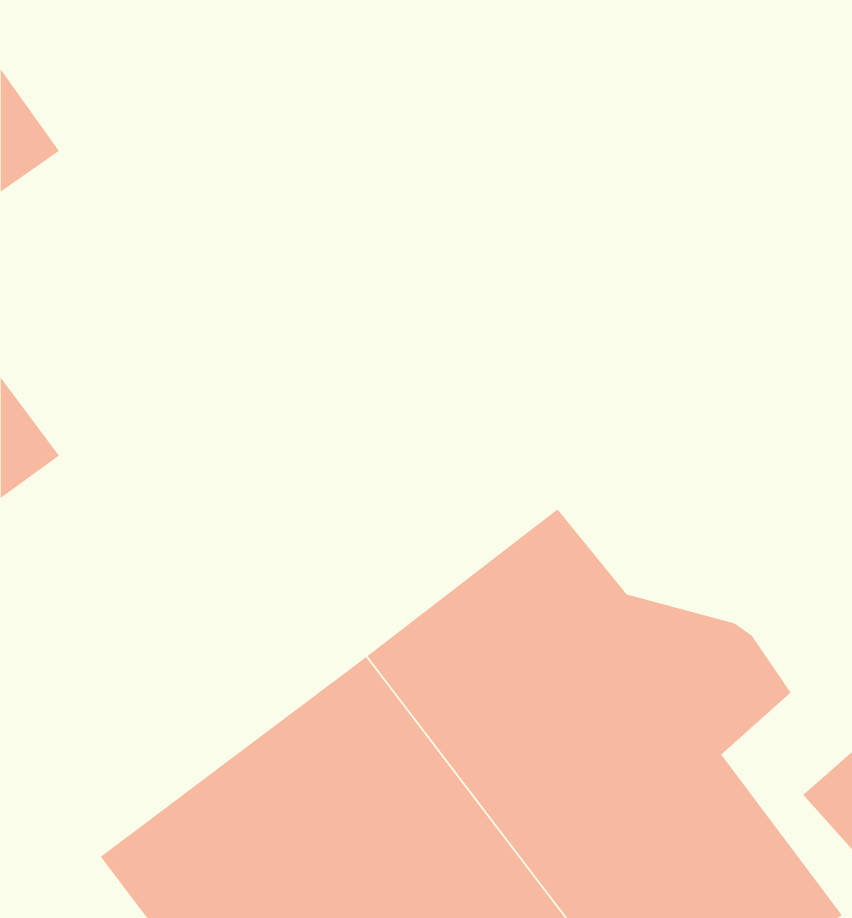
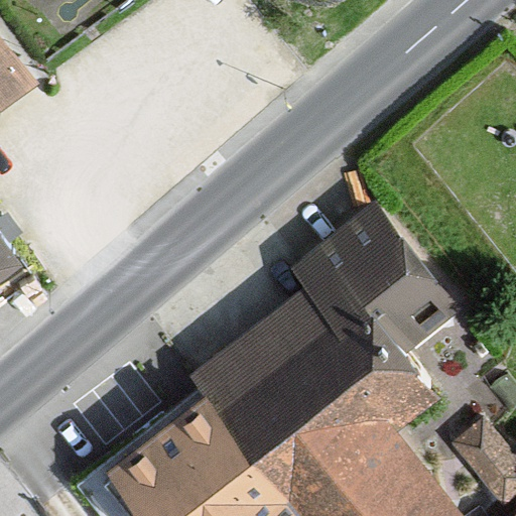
building: none -> [296,207,461,351]

